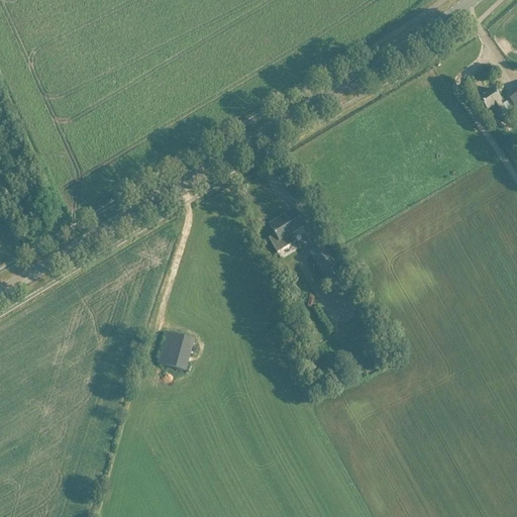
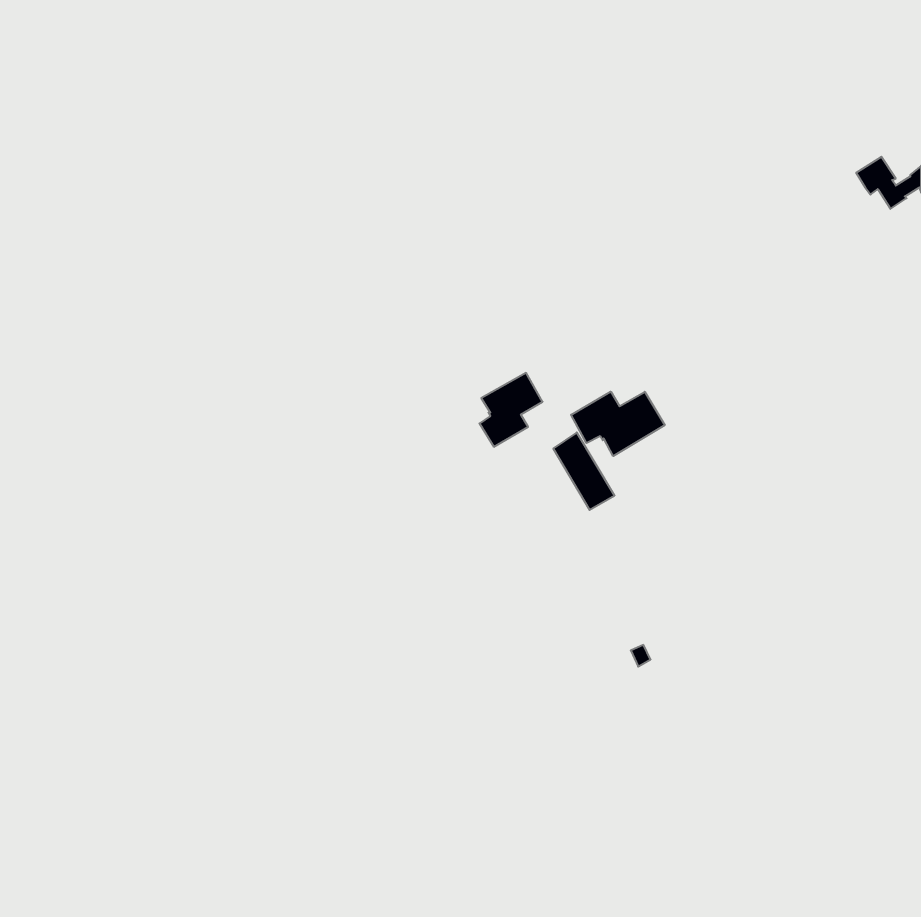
building: none -> [571,392,665,456]
building: [158,330,195,371] -> none

